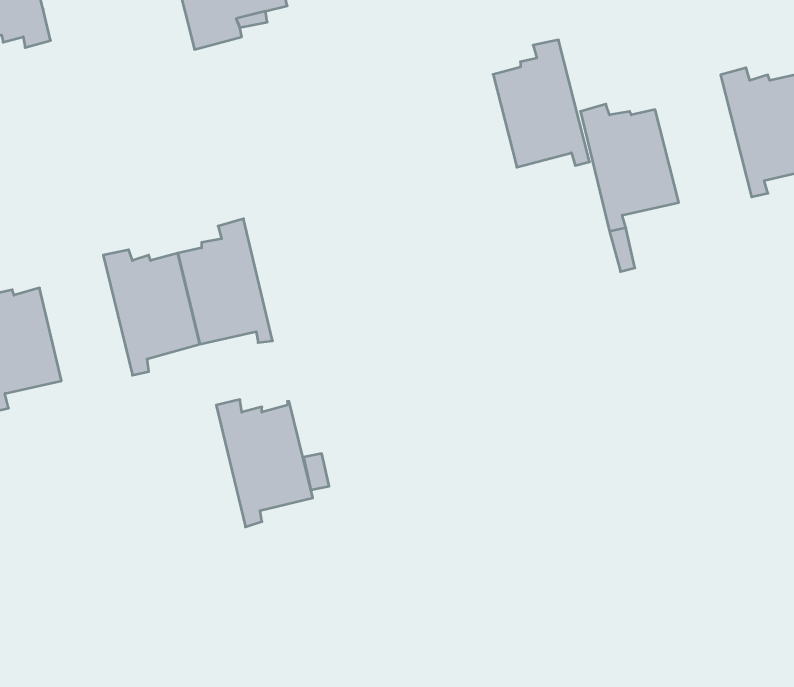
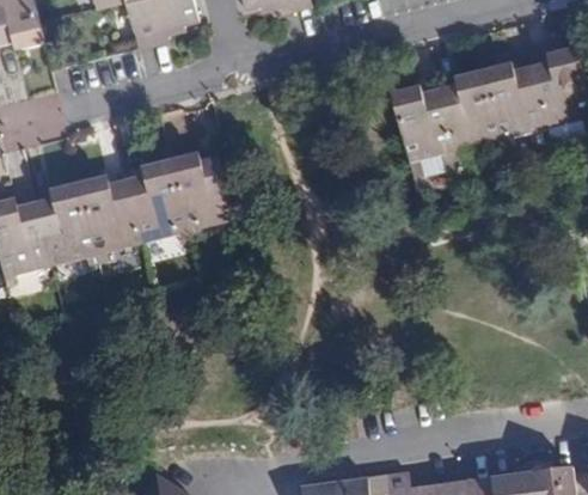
building: [493,40,590,167] -> [439,65,502,148]
building: none -> [35,183,96,265]
building: [216,400,313,527] -> [169,155,232,239]

